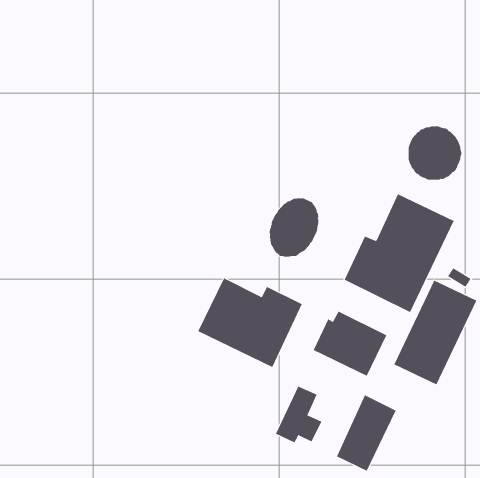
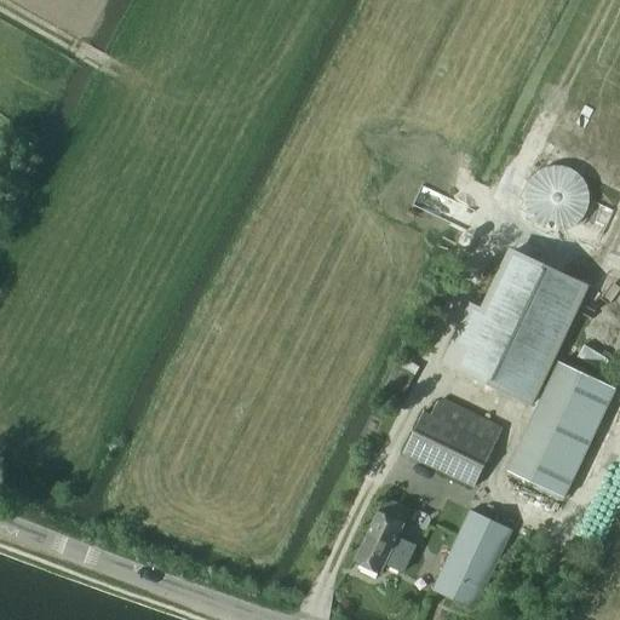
building: [269,197,319,258] -> none
building: [198,277,303,368] -> none

